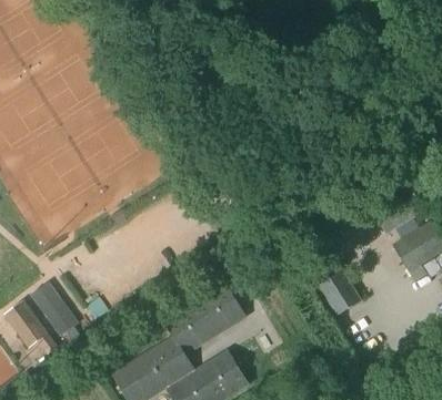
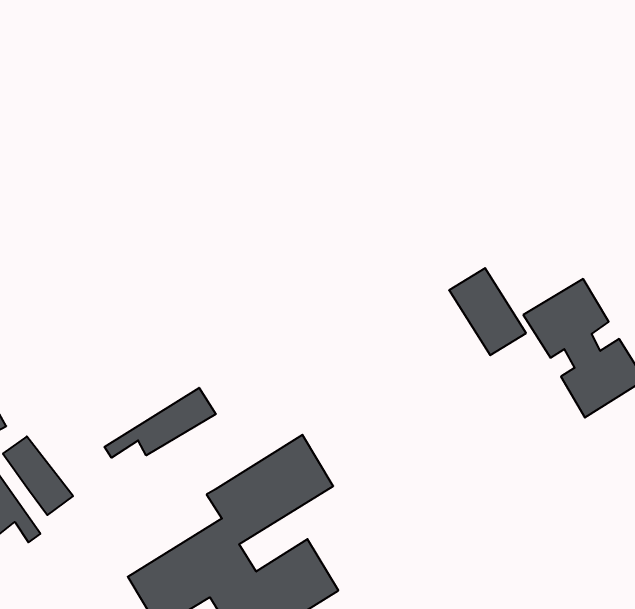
building: none -> [105,388,216,458]
building: [311,258,361,315] -> [449,268,526,355]

